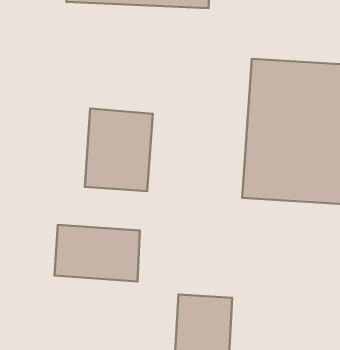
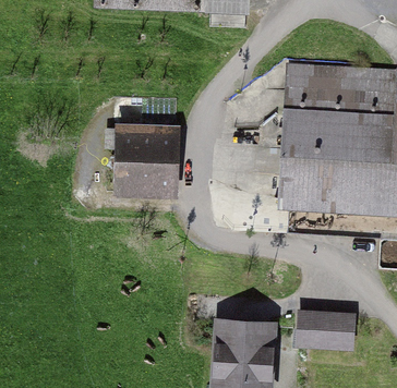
building: [54,225,140,281] -> none
building: none -> [303,313,361,354]

